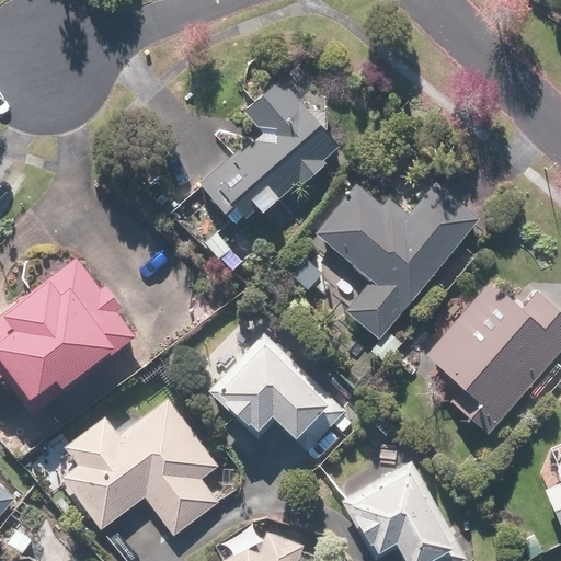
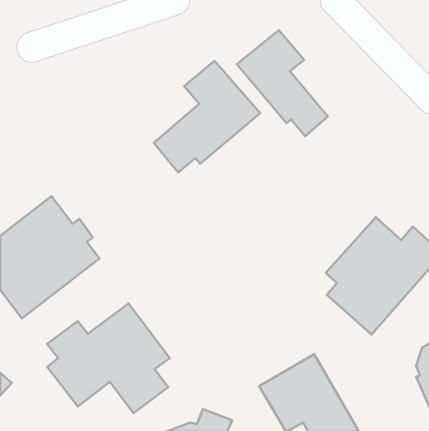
building: none -> [237,30,328,136]
building: [314,183,479,339] -> none
building: [209,334,347,453] -> none

